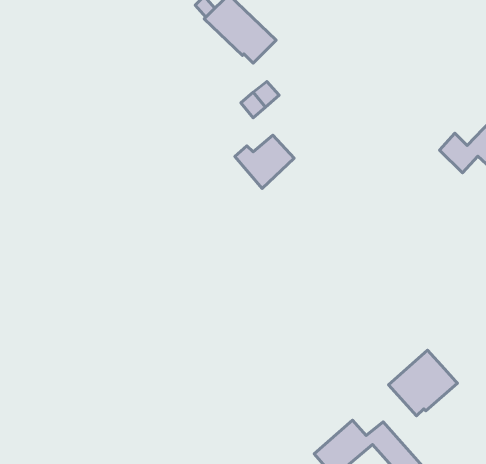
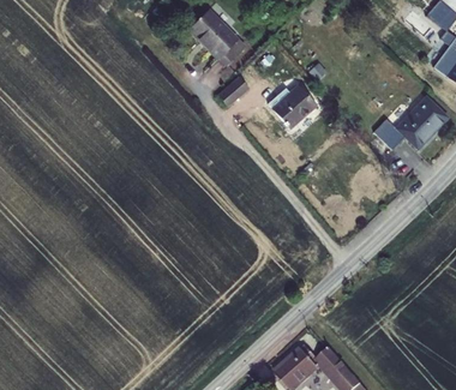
building: [235,135,294,189] -> [269,88,316,130]
building: [388,350,457,416] -> none

